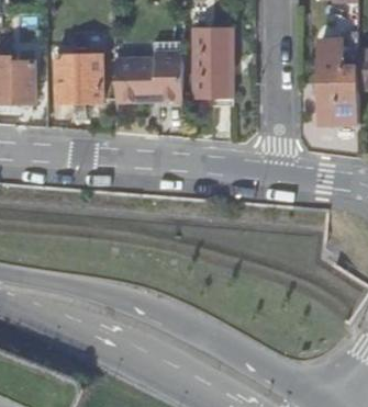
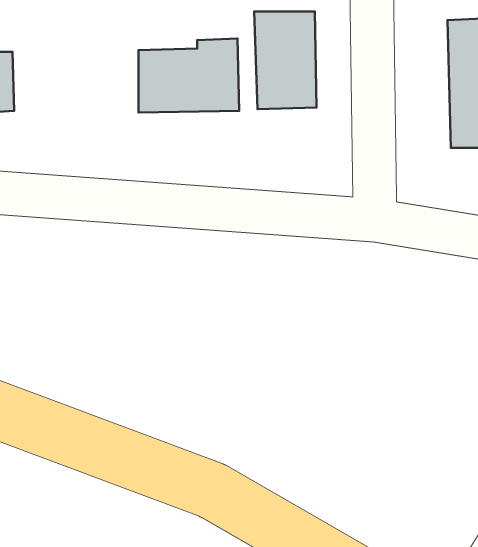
building: [57,54,102,100] -> none

